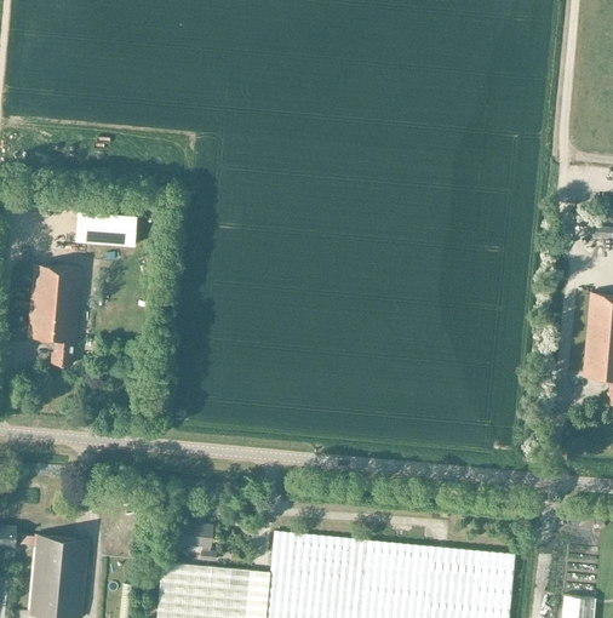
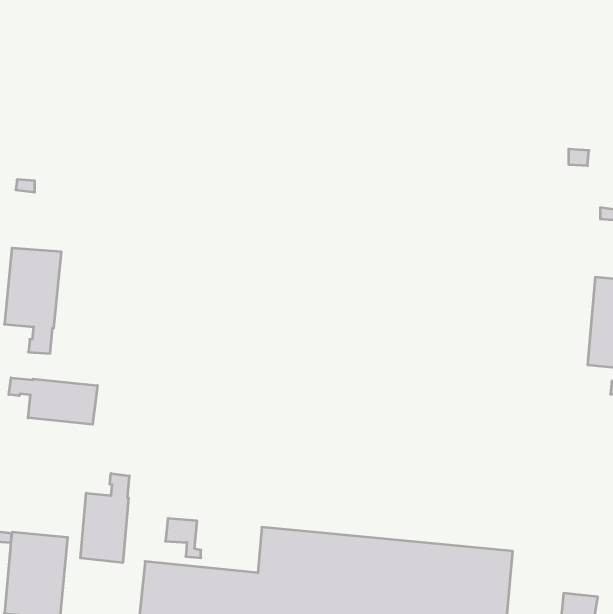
building: [75,213,137,247] -> none
building: none -> [9,378,97,424]
building: none -> [81,473,129,563]

